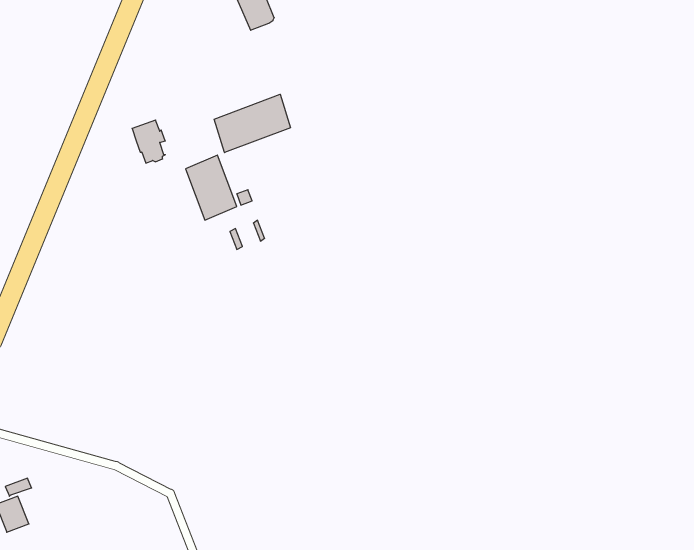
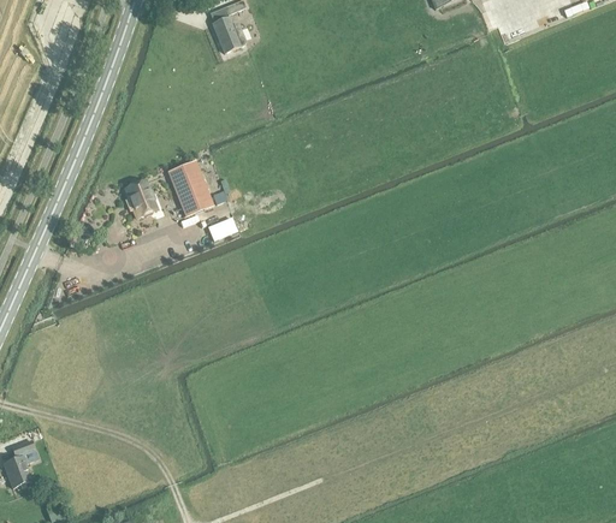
building: [214,94,291,153] -> none
building: [132,120,165,163] -> [125,180,154,218]

